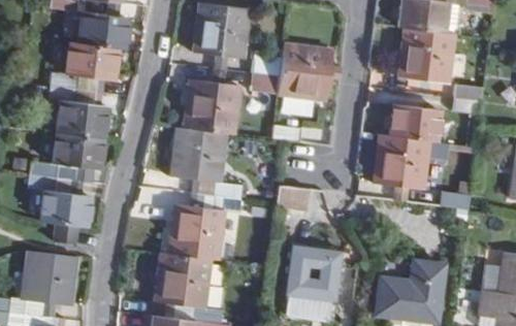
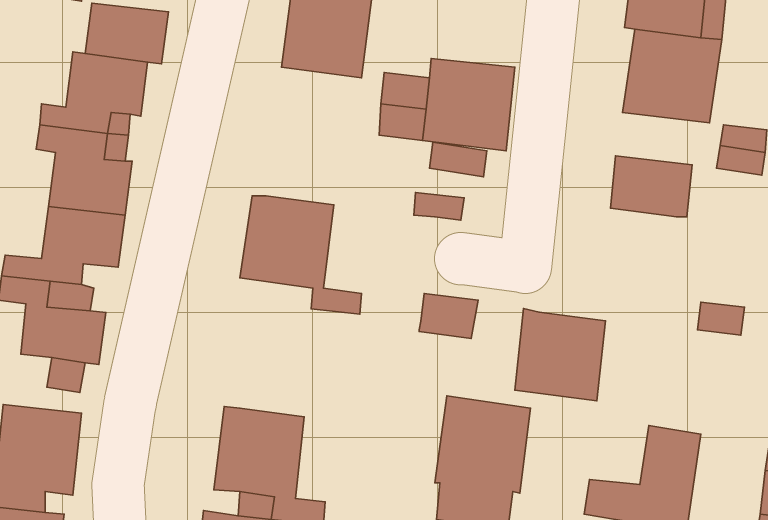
building: [186,78,239,133] -> none
building: [376,132,429,187] -> [515,309,605,401]
building: [170,194,241,258] -> none

